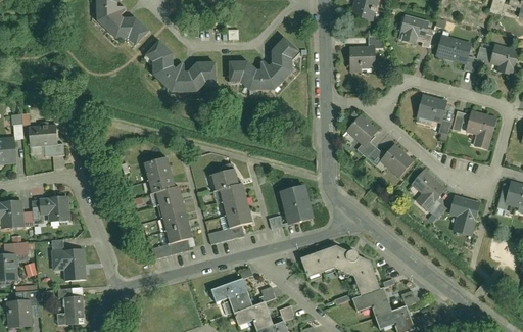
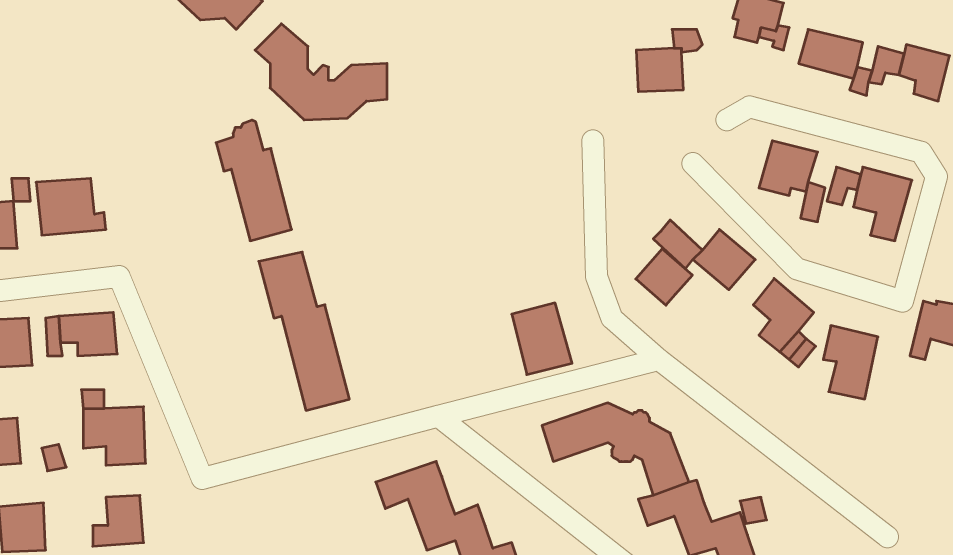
building: [229,36,296,88] -> none
building: [346,120,377,150] -> [636,249,692,305]
building: [212,167,253,232] -> [216,120,292,241]

